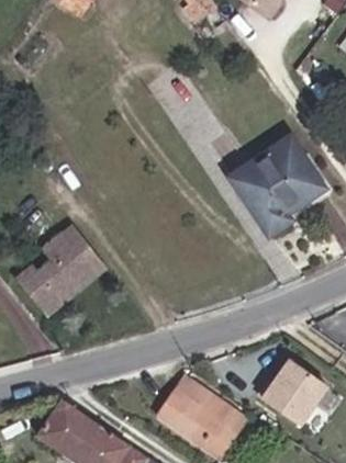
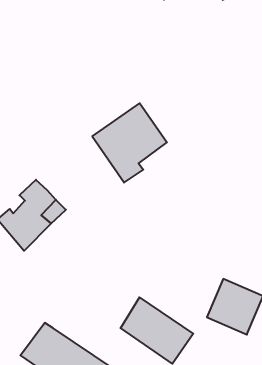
building: [228,127,319,223] -> [92,103,167,183]

